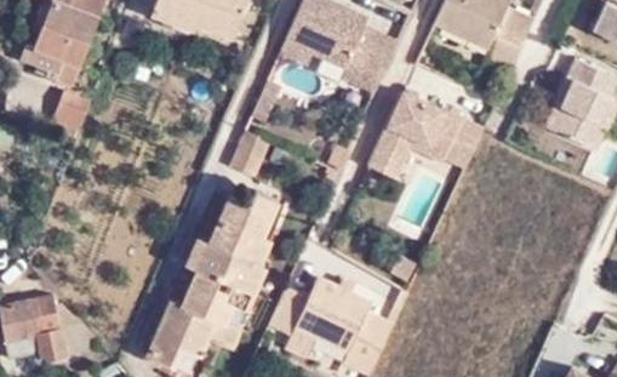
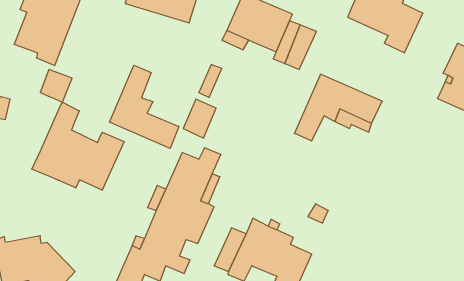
building: none -> [110,65,179,148]
building: none -> [32,102,124,190]

